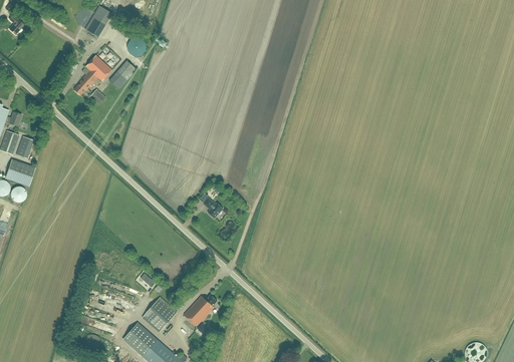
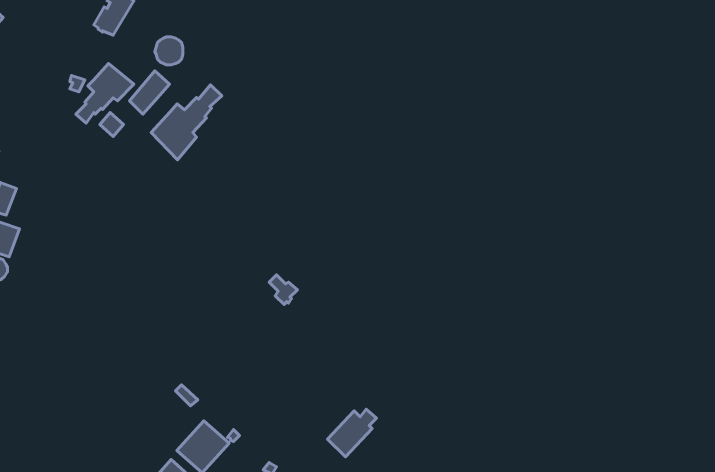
building: none -> [151,85,222,160]
building: [184,294,217,326] -> [328,409,377,457]

